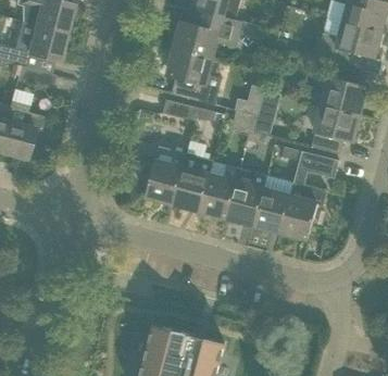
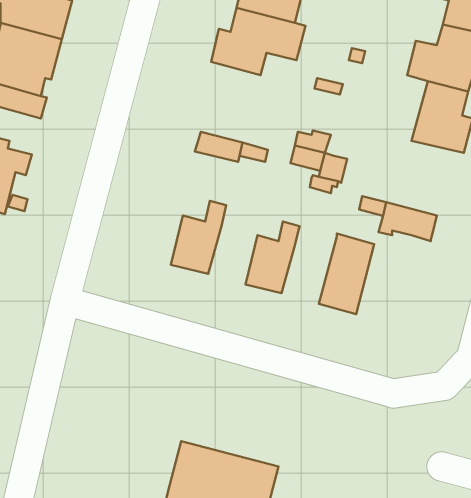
building: [168,49,223,105] -> none
building: [311,106,359,154] -> none
building: [173,158,213,211] -> none
building: [226,173,266,225] -> none
building: [280,173,327,239] -> none

